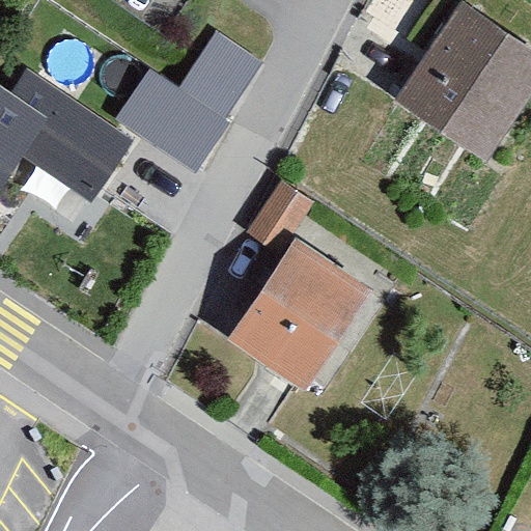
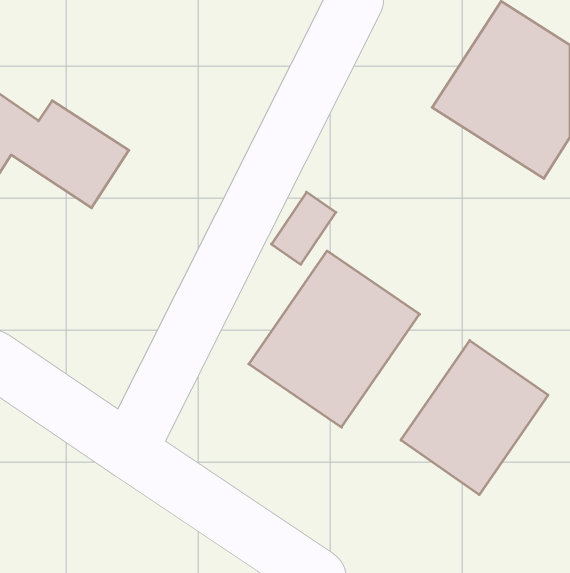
building: [114,29,263,169] -> none
building: none -> [401,340,548,495]

